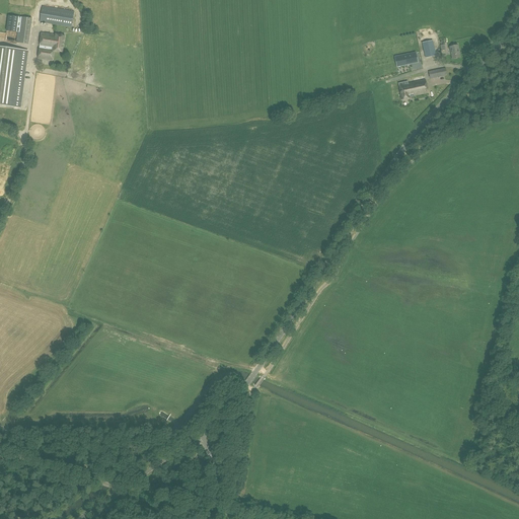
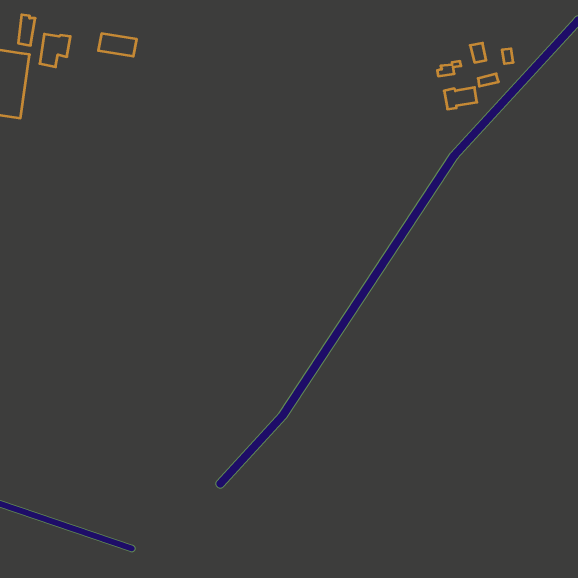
building: [38,5,72,25] -> [98,34,137,56]

